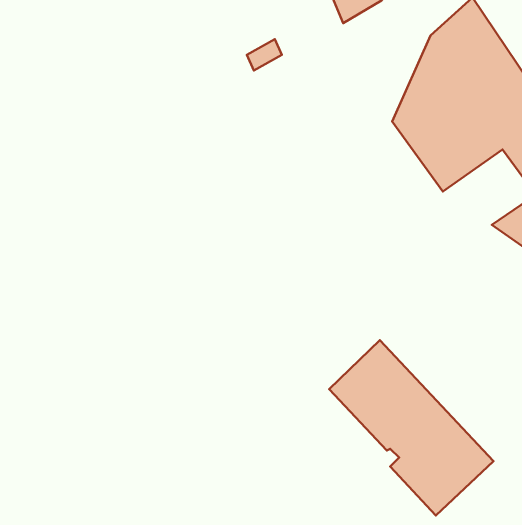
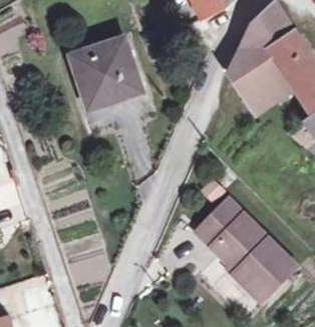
building: none -> [73,38,141,102]

